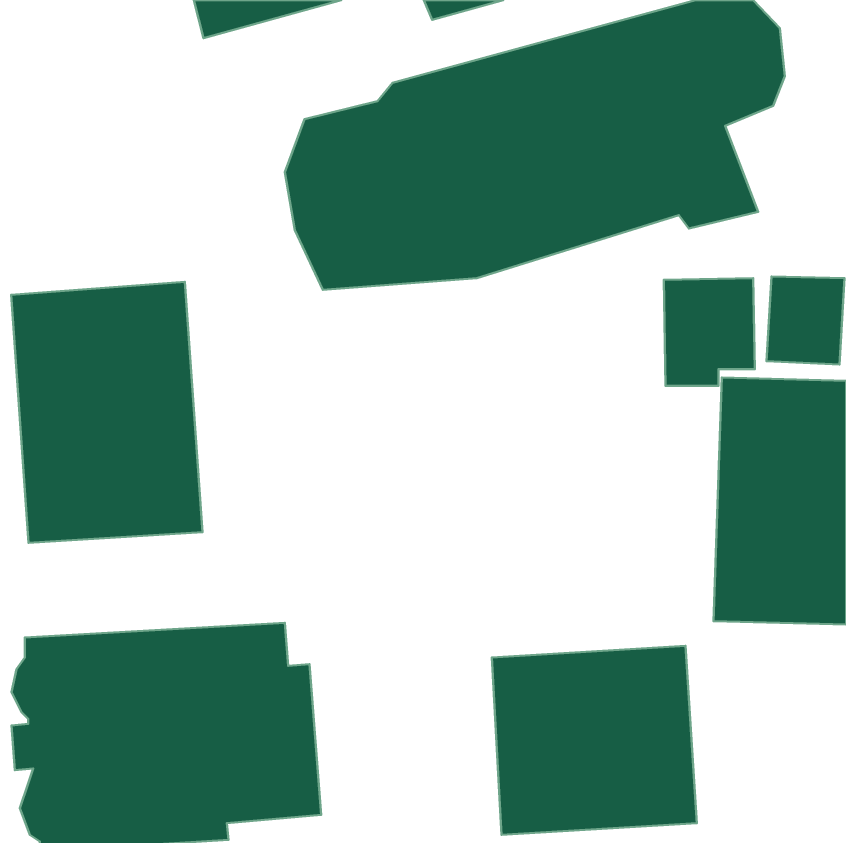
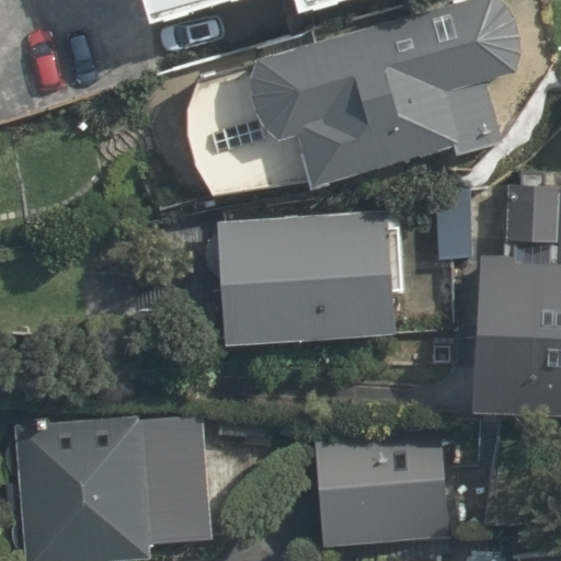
building: [11,282,202,543] -> none
building: none -> [206,209,408,343]

